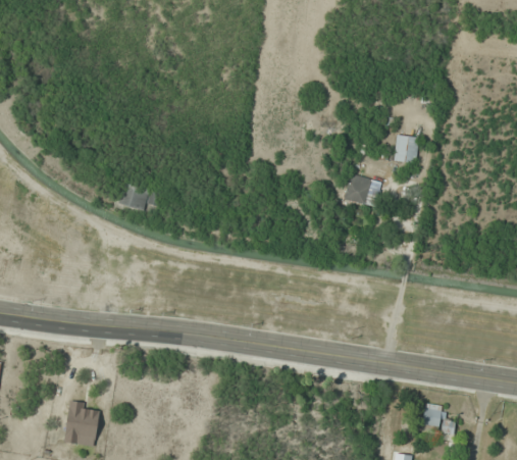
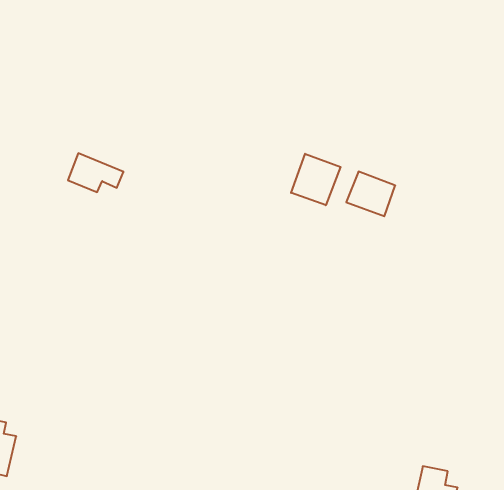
building: [393,135,417,163] -> none
building: none -> [291,154,341,205]

